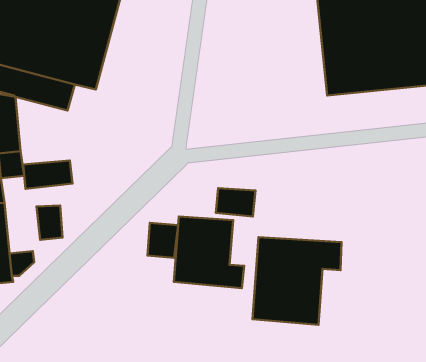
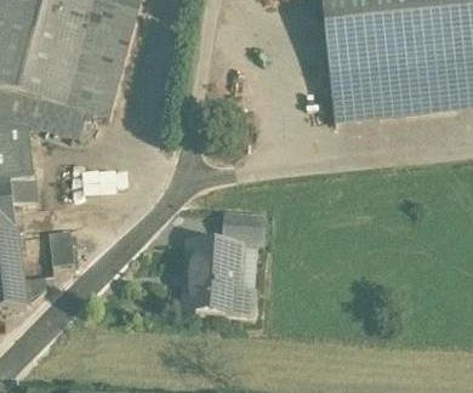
building: [23,160,72,189] -> none
building: [147,223,178,258] -> none
building: [252,237,342,325] -> none

